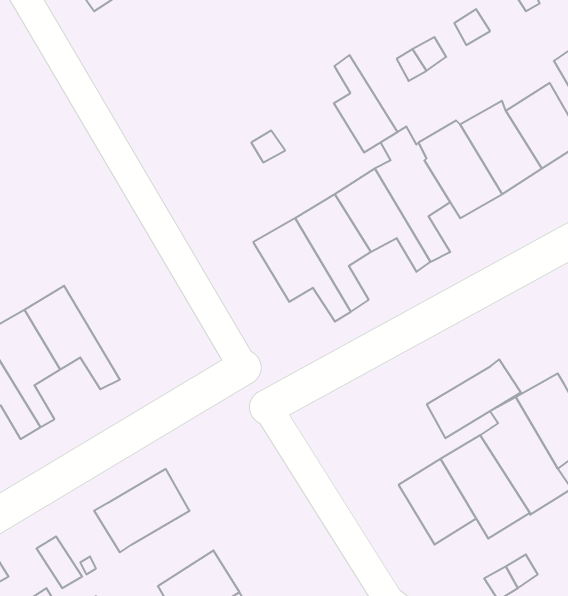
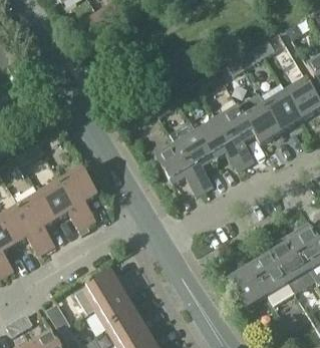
building: [334,55,397,153] -> none
building: none -> [59,165,98,225]
building: [427,359,521,438] -> none
building: none -> [93,291,134,329]

